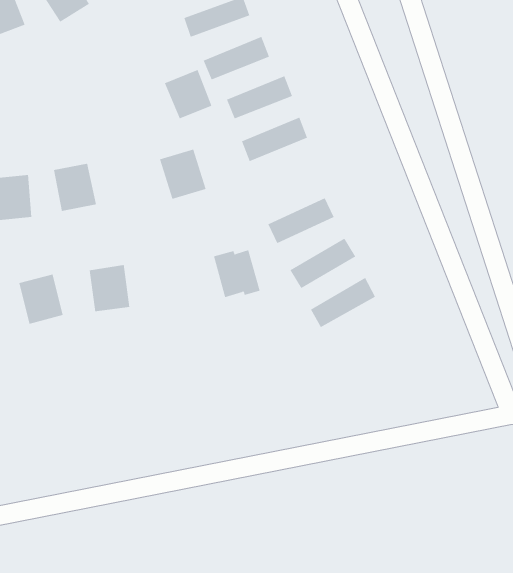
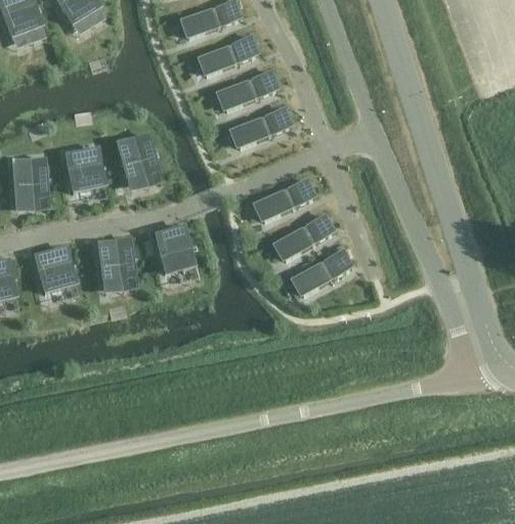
building: [164,69,212,119] -> none
building: [159,149,206,199] -> [116,133,158,178]
building: [213,249,260,298] -> [155,228,197,271]

